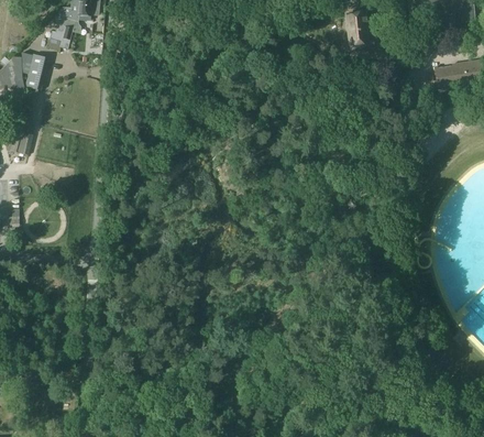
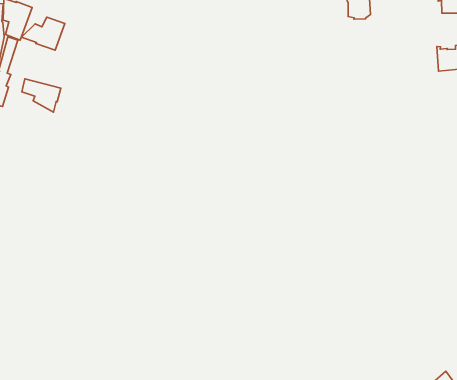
building: none -> [21,17,65,50]
building: none -> [22,79,61,112]

